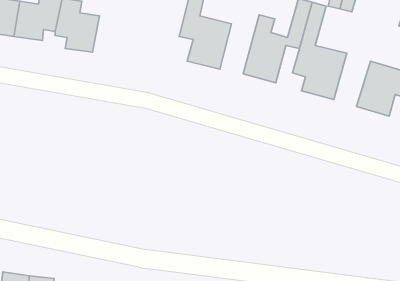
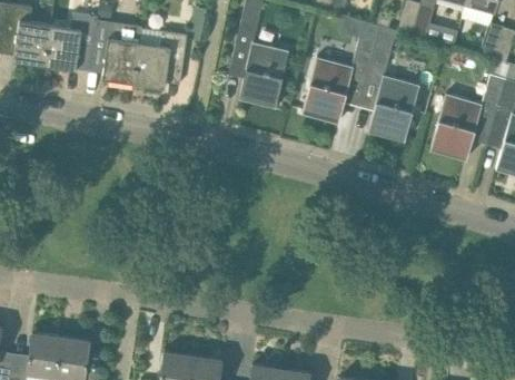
building: none -> [132,32,187,89]

